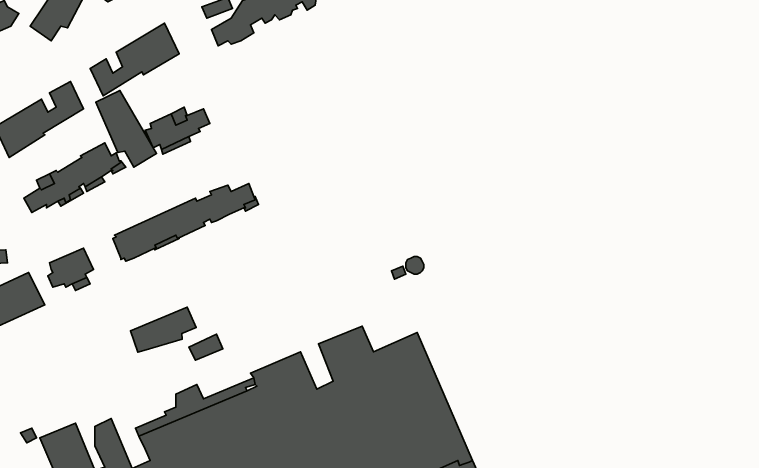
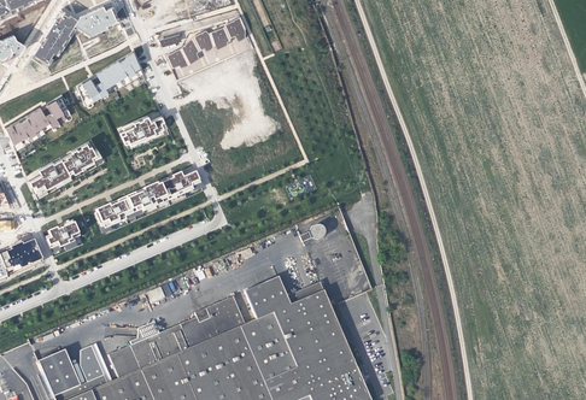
building: [96,90,156,167] -> none
building: [131,307,196,352] -> none

